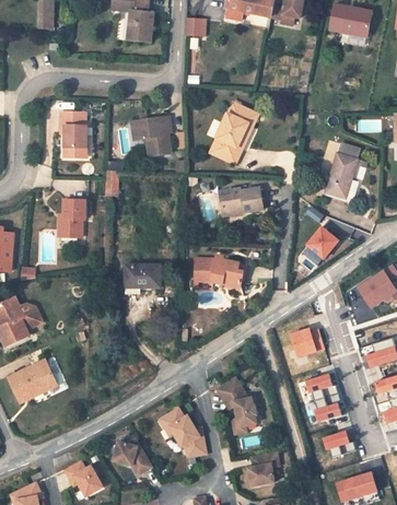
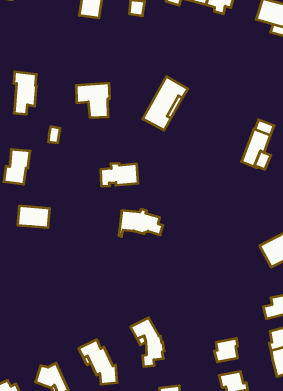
building: [220,188,264,216] -> [101,163,138,186]
building: [302,227,338,266] -> none
building: [125,266,160,287] -> [18,206,50,228]
building: [290,329,323,357] -> none
building: [304,374,337,400] -> none

